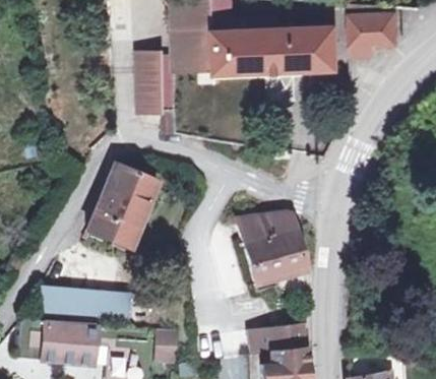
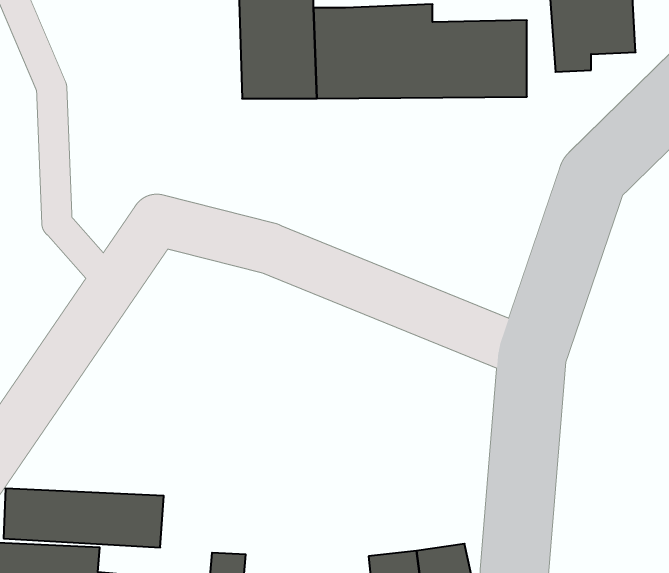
building: [136,58,178,132] -> none
building: [91,172,158,252] -> none
building: [236,212,304,283] -> none

